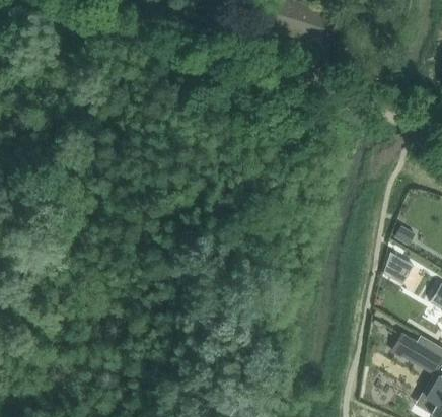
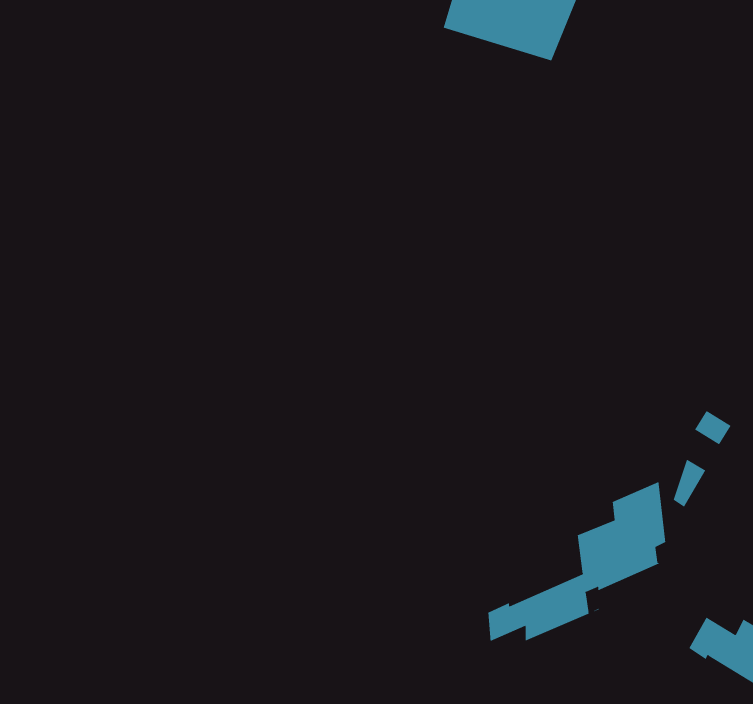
building: none -> [488,481,666,642]

